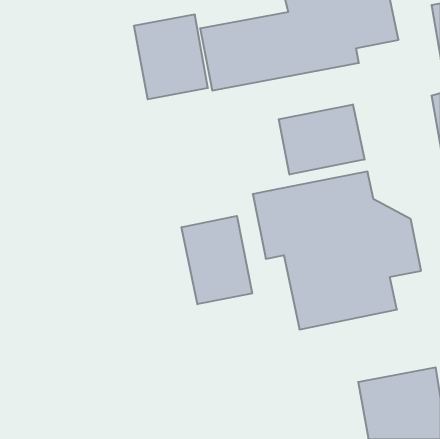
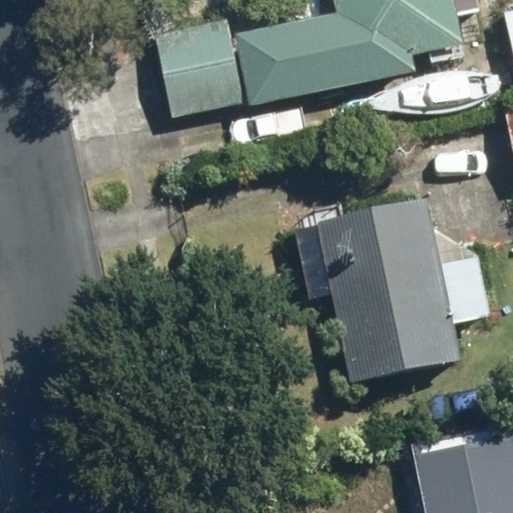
building: [279,104,365,175] -> none
building: [182,216,252,304] -> none

